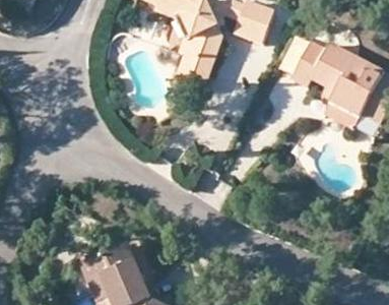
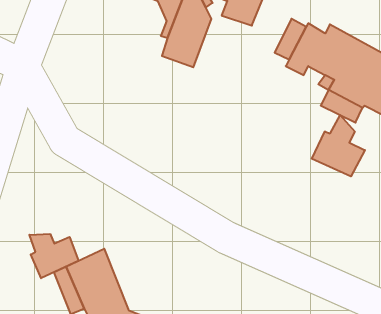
building: none -> [312,115,365,176]
building: none -> [29,234,79,278]

